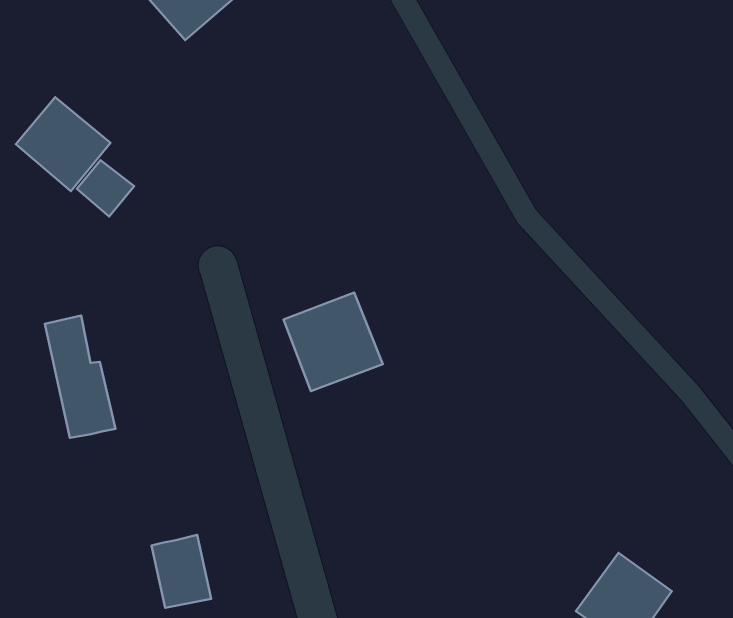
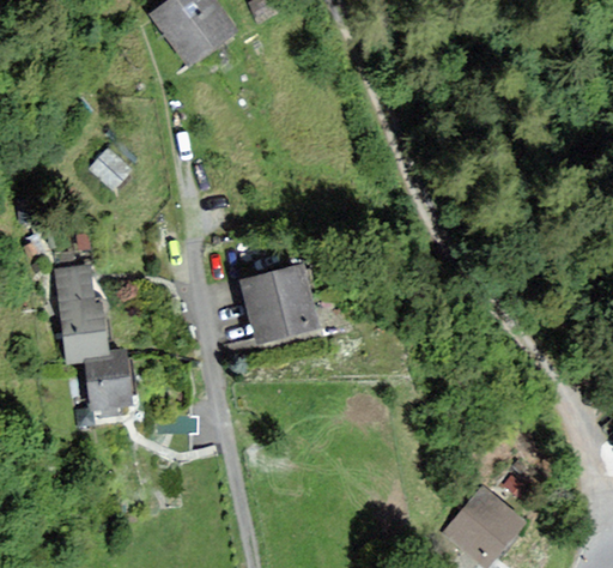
building: [16,97,110,191] -> none
building: [152,535,211,608] -> [85,354,127,407]

